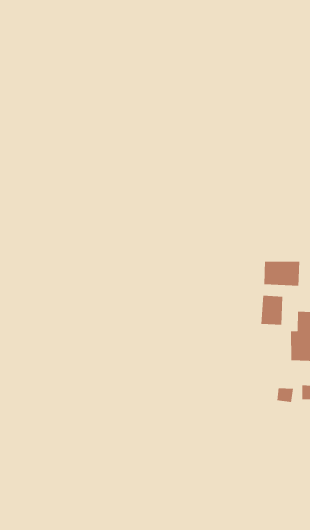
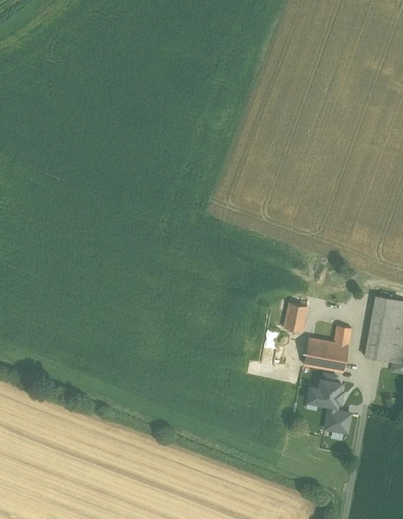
building: [264,261,300,287] -> none

